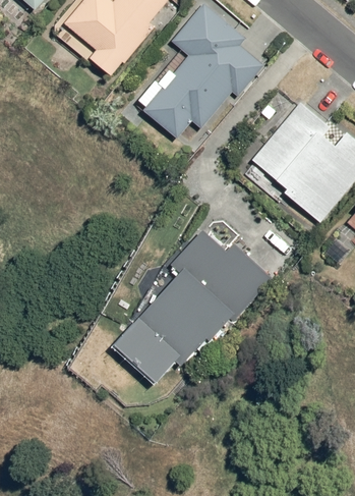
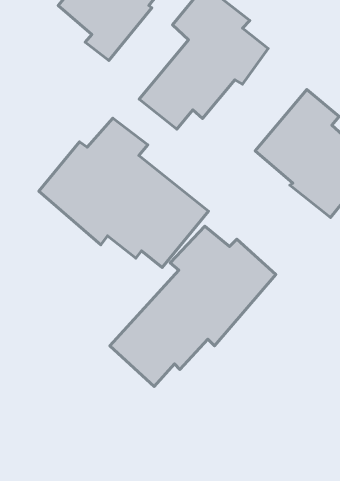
building: none -> [39,118,209,268]

